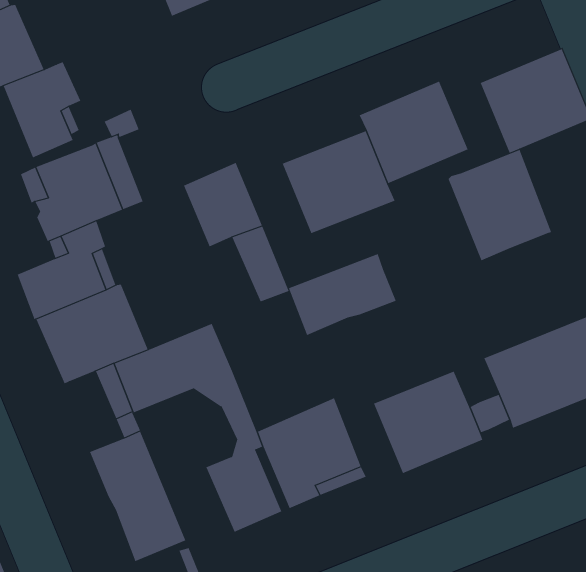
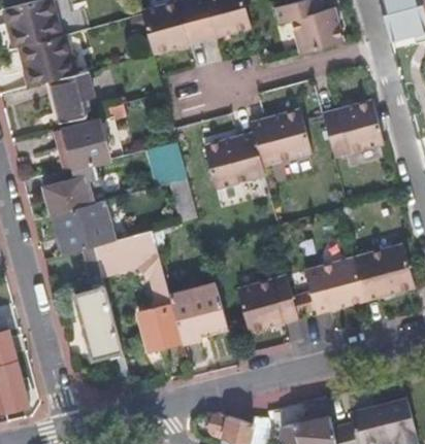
building: [448,149,552,261] -> none
building: [288,253,396,336] -> none

